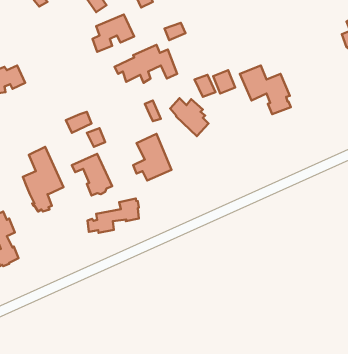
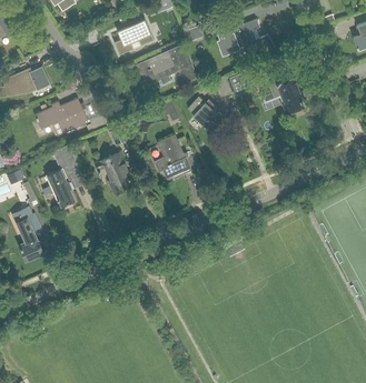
building: none -> [215,19,275,56]
building: none -> [36,99,88,133]
building: [87,198,139,233] -> none

